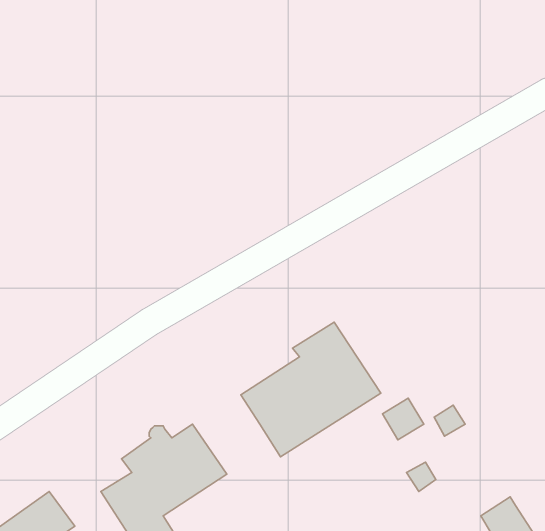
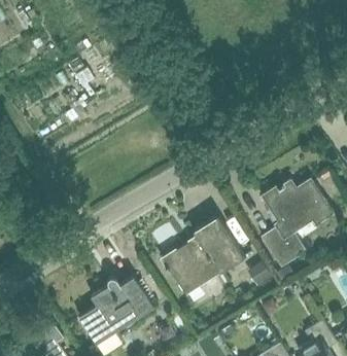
building: none -> [261,178,334,268]

